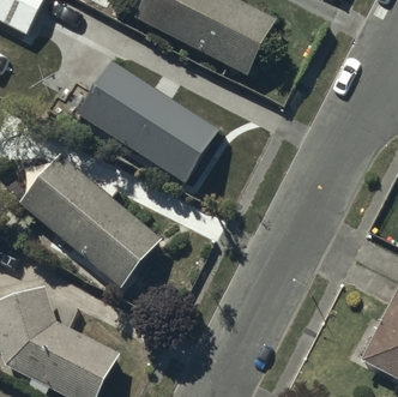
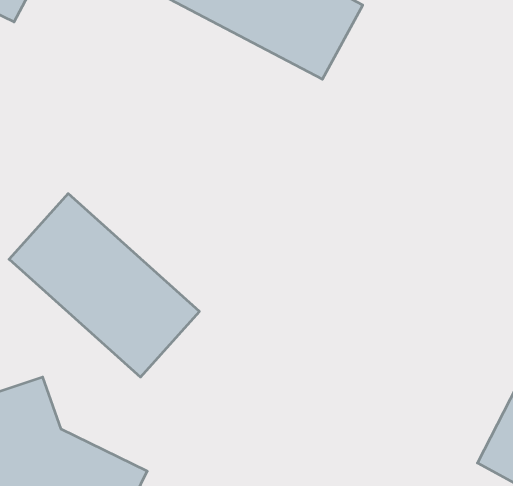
building: [79,62,221,184] -> none

